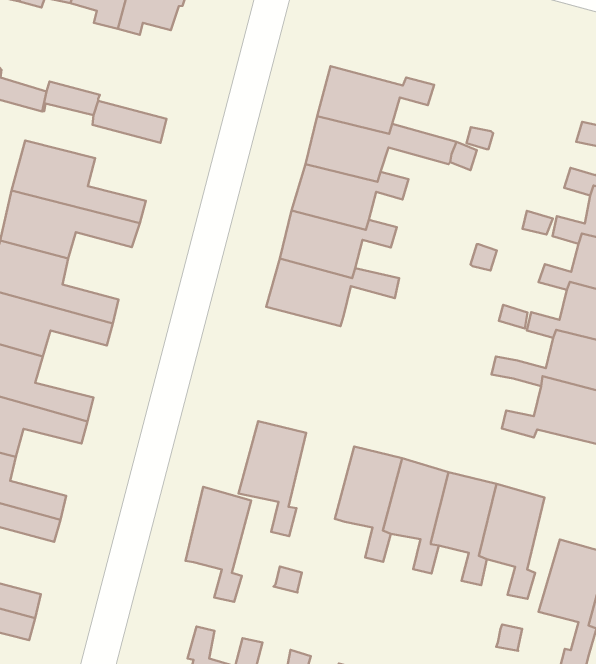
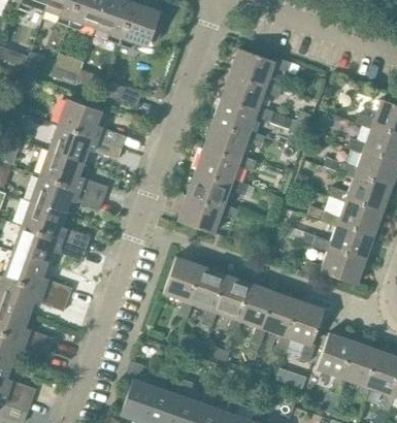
building: none -> [230,48,292,87]
building: none -> [177,197,240,234]
building: [186,487,251,602] -> [189,265,226,327]

